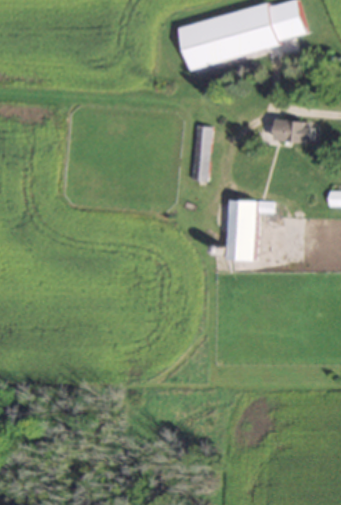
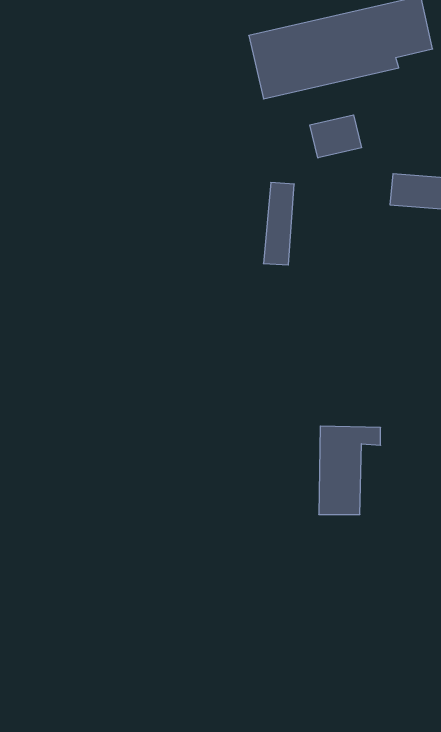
building: none -> [310,115,361,158]
building: [228,200,270,260] -> [319,426,381,514]

